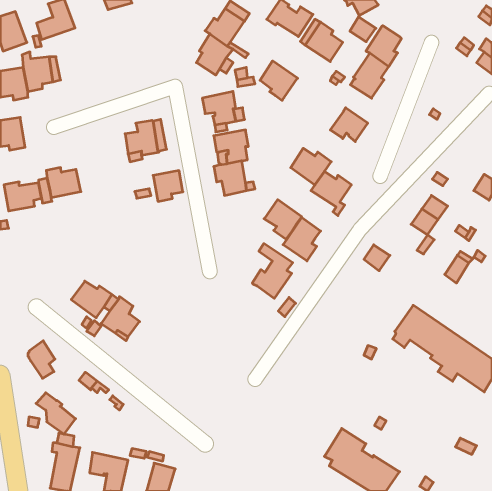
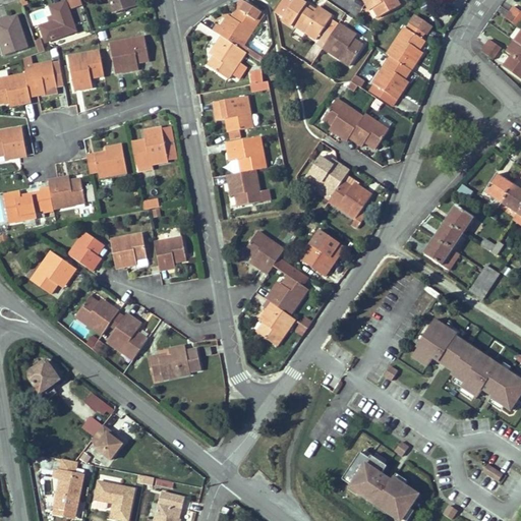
building: [350,17,376,42] -> [405,12,432,39]
building: none -> [109,34,149,73]
building: none -> [68,49,104,90]
building: [260,61,298,100] -> [324,99,363,140]
building: none -> [88,144,127,177]
building: none -> [485,174,512,201]
building: [153,171,183,201] -> [155,237,186,270]
building: [264,200,302,239] -> [244,232,284,274]
building: none -> [69,232,103,271]
building: none -> [111,234,147,268]
building: none -> [28,249,75,293]
building: [364,245,390,271] -> [424,237,452,265]
building: none -> [257,302,295,346]
building: none -> [151,346,199,379]
building: [36,393,76,434] -> [81,415,123,459]

